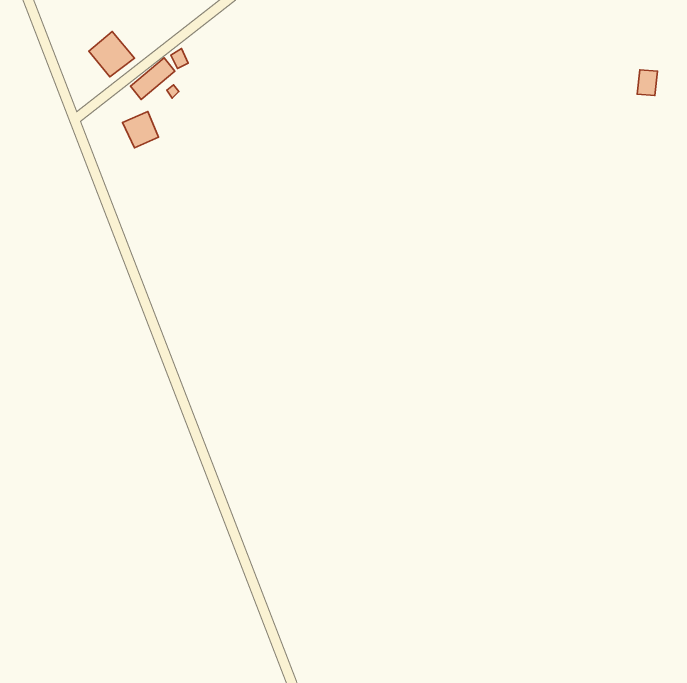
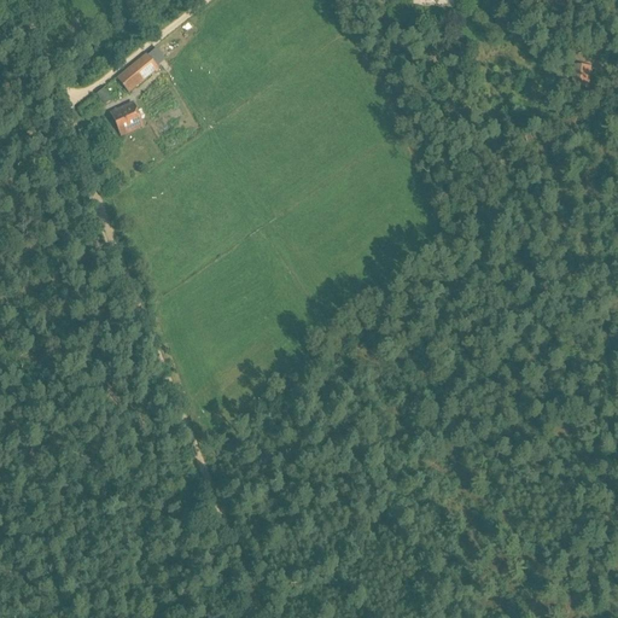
building: [89,32,135,77] -> none

